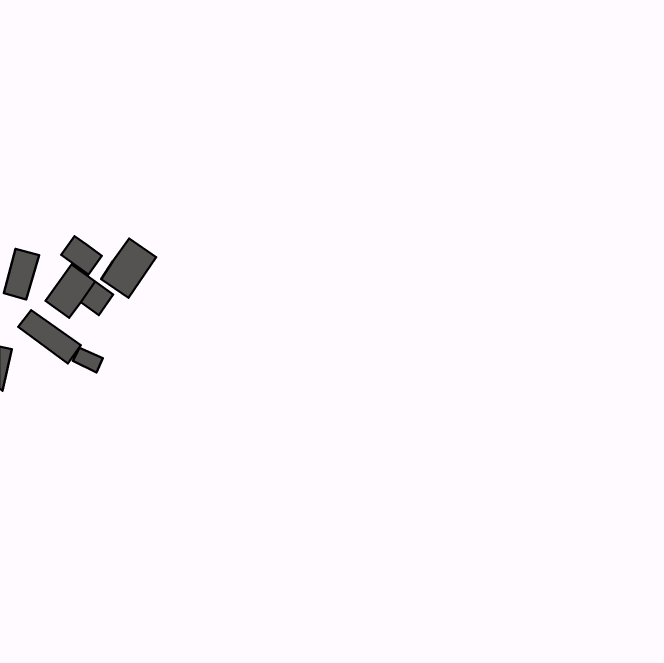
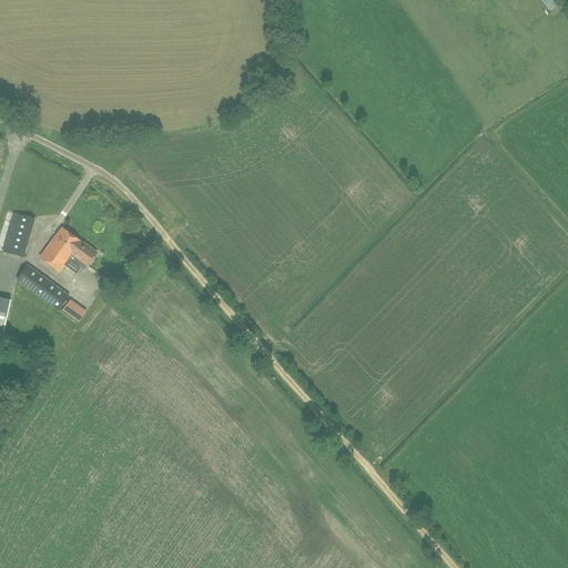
building: [61,236,102,274] -> none
building: [101,239,156,298] -> none

